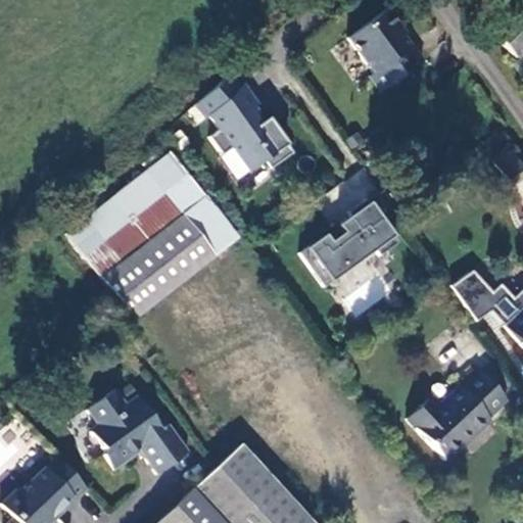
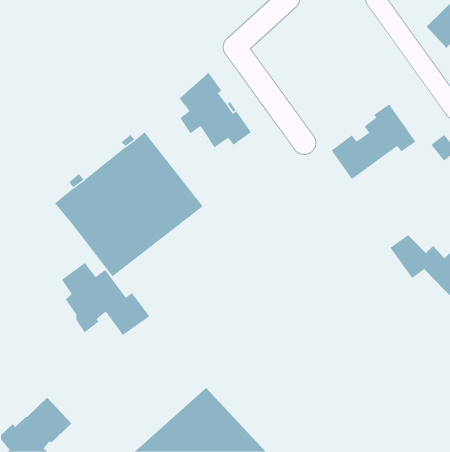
building: [349,7,426,91] -> none
building: [301,198,399,286] -> [331,103,416,180]
building: [410,370,511,460] -> none
building: [89,388,191,473] -> [61,262,150,336]

